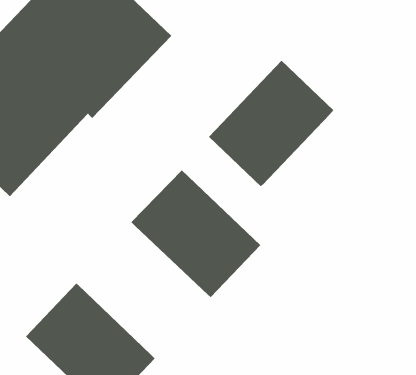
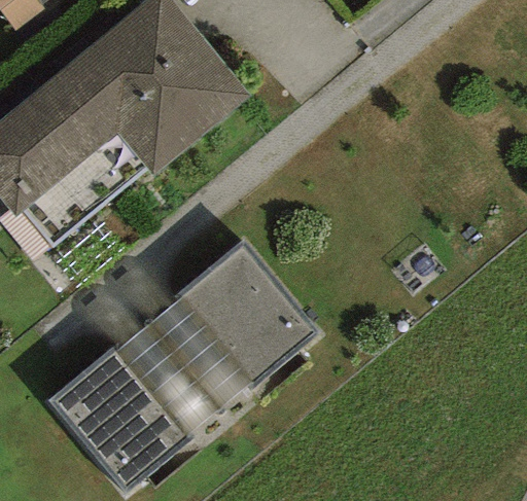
building: [208,60,334,187] -> none
building: none -> [113,296,252,437]

